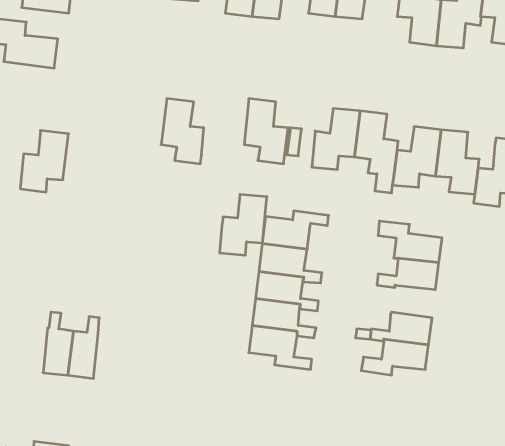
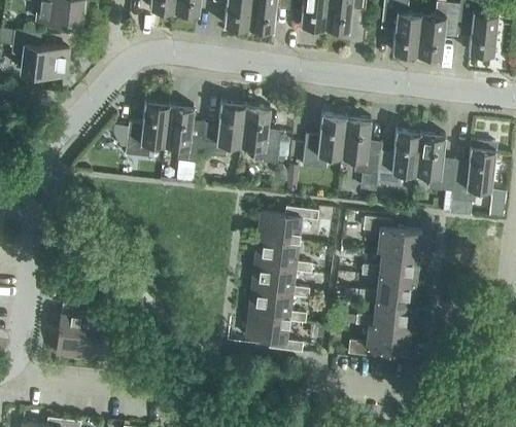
building: [20,130,69,192] -> [126,102,170,158]
building: [220,194,267,255] -> [202,103,245,158]
building: none -> [359,276,416,306]

